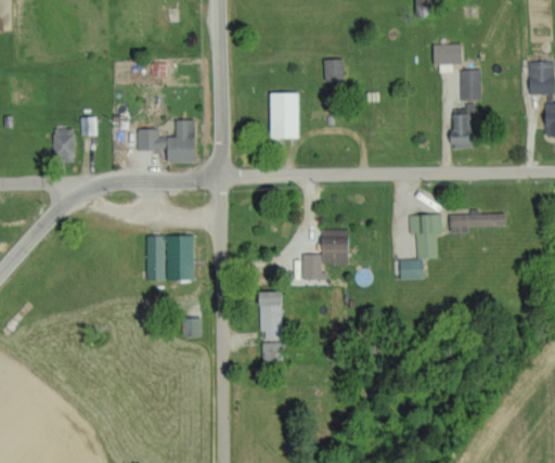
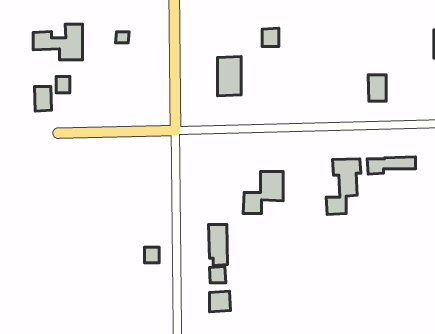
building: [435,43,462,72] -> none
building: [459,69,481,100] -> none
building: [137,119,195,162] -> [33,24,82,60]
building: [145,234,194,281] -> none
building: none -> [209,291,231,312]

